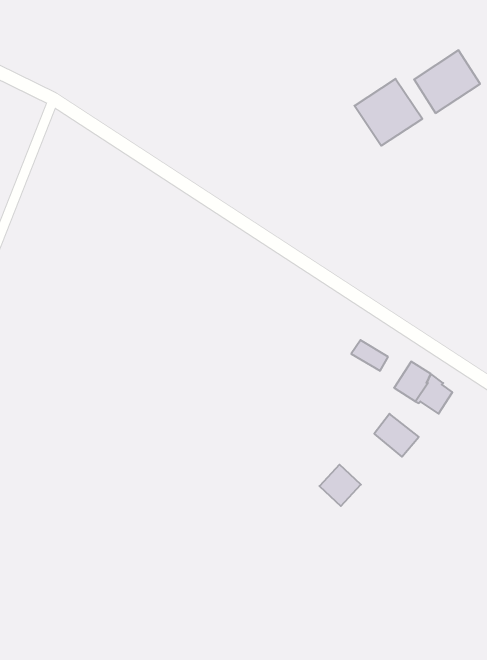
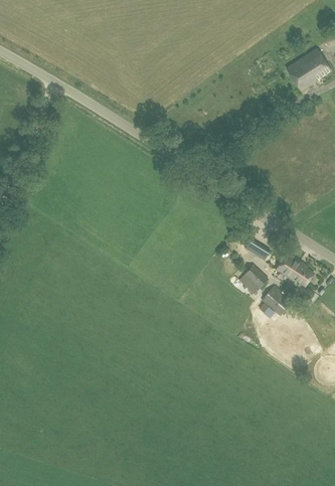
building: [354,79,422,146] -> none
building: [319,465,361,506] -> [239,266,267,293]

